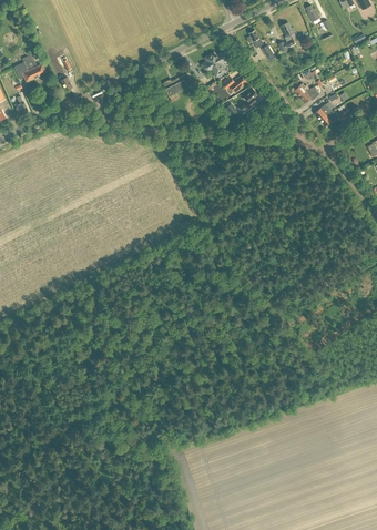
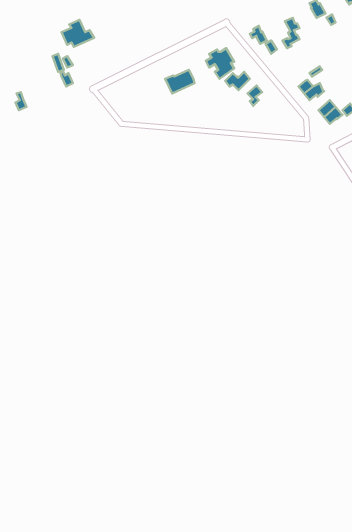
building: [14,54,47,81] -> [61,20,94,47]

